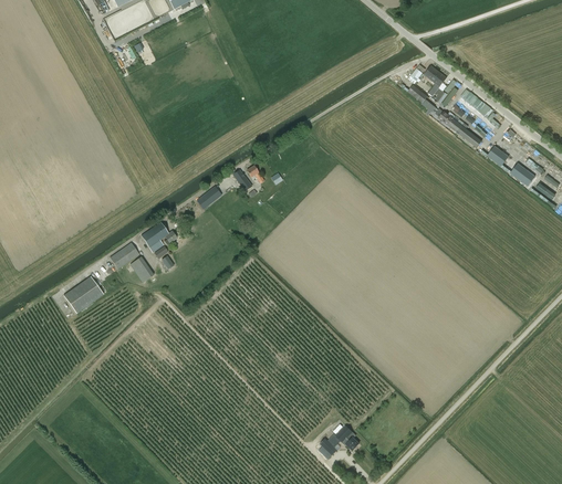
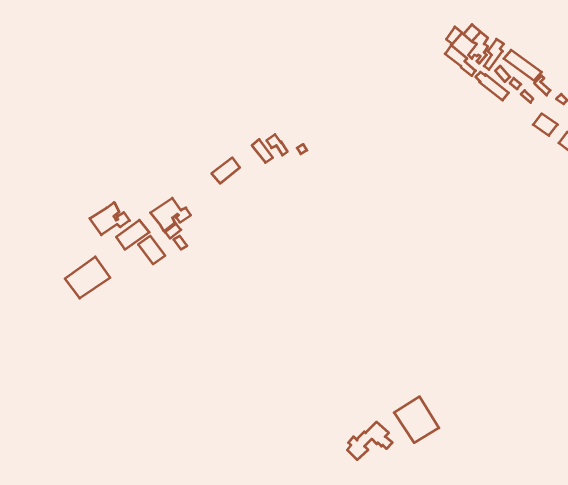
building: none -> [90,202,130,235]
building: none -> [394,397,439,443]

